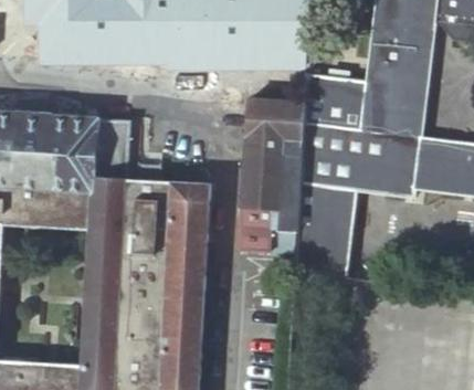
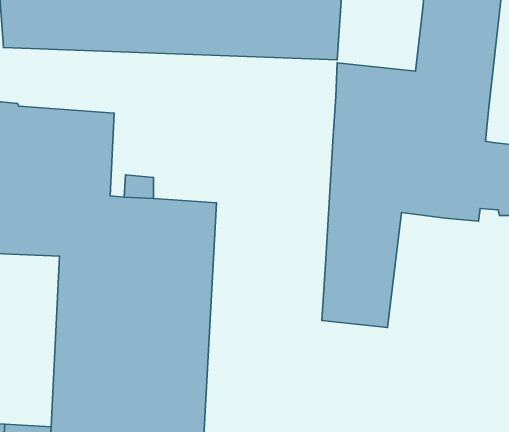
building: [240,101,303,250] -> none

